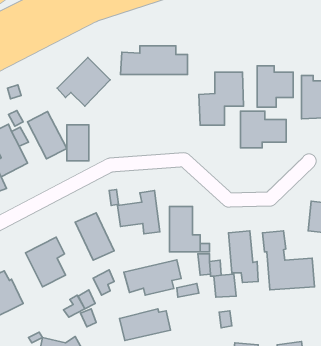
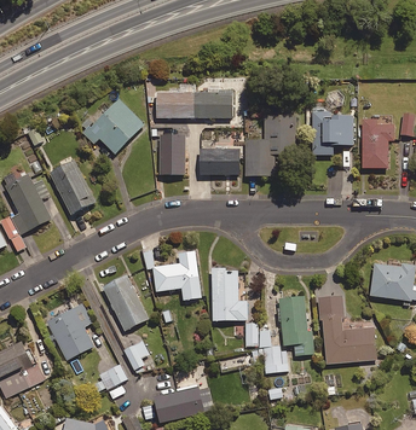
building: none -> [201,149,239,174]
building: [241,111,286,148] -> none
building: [67,125,89,161] -> [160,134,185,175]
building: [124,260,181,295] -> none

